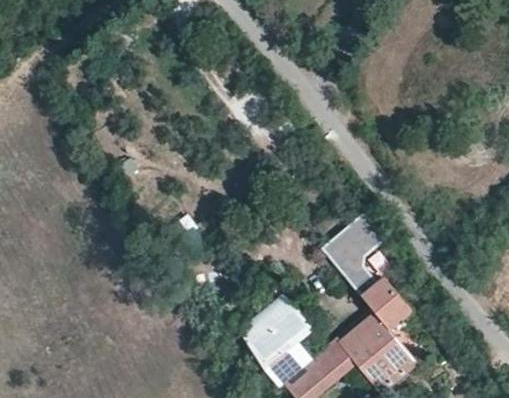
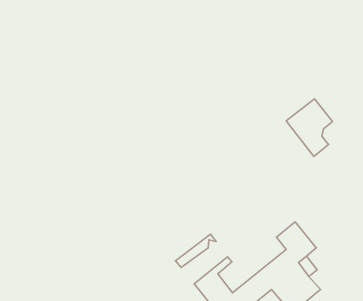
building: [321,219,378,290] -> [286,99,333,157]
building: [245,301,302,355] -> none

